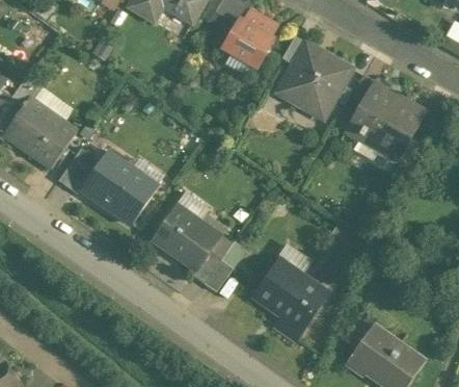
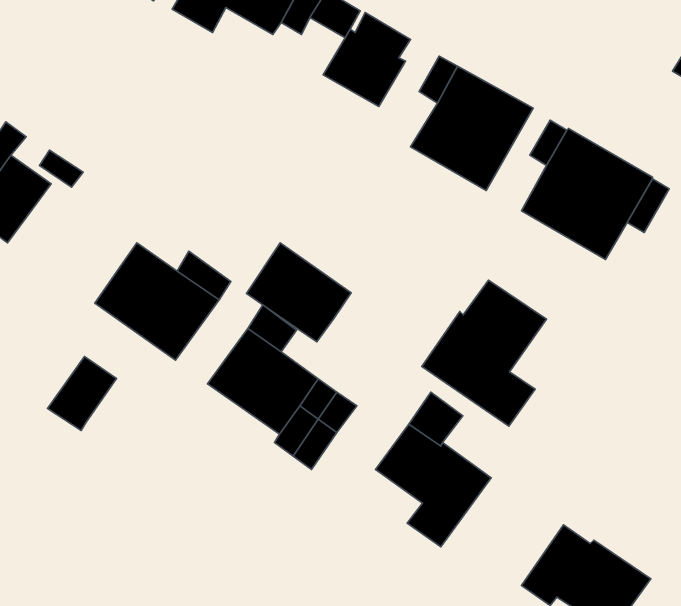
building: [27,114,77,167] -> none
building: [57,148,100,194] -> [48,357,117,431]
building: none -> [246,243,351,342]
building: none -> [422,280,546,426]

